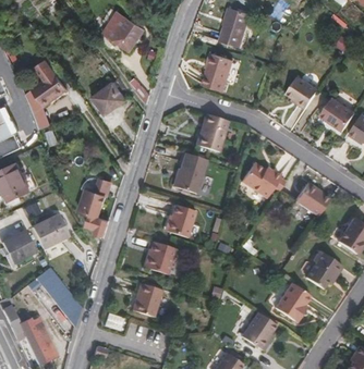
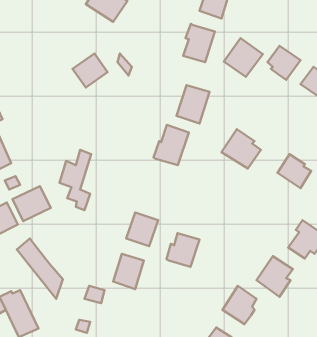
building: [26,64,68,132] -> none
building: none -> [224,38,263,77]
building: [163,202,196,236] -> [167,233,199,267]

